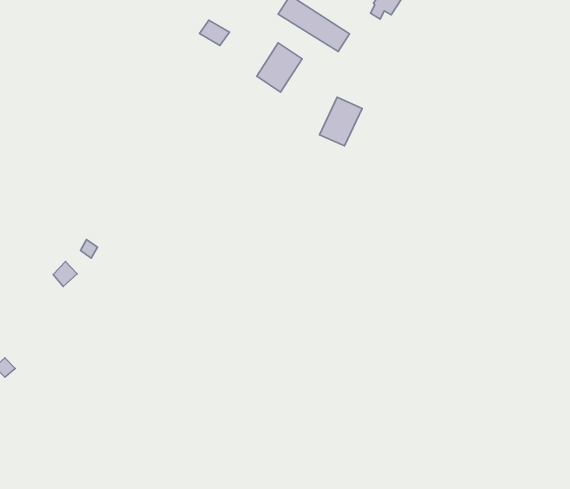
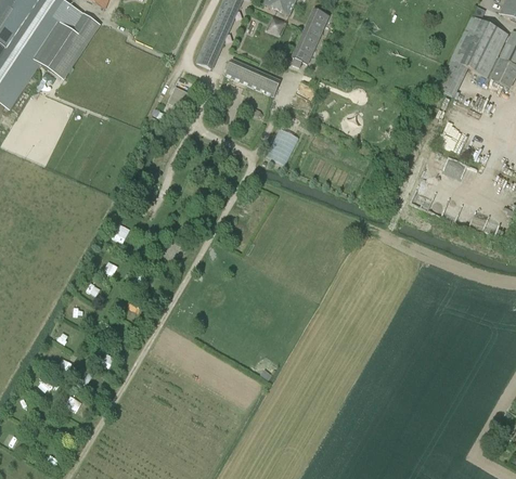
building: [257,43,302,92] -> none

